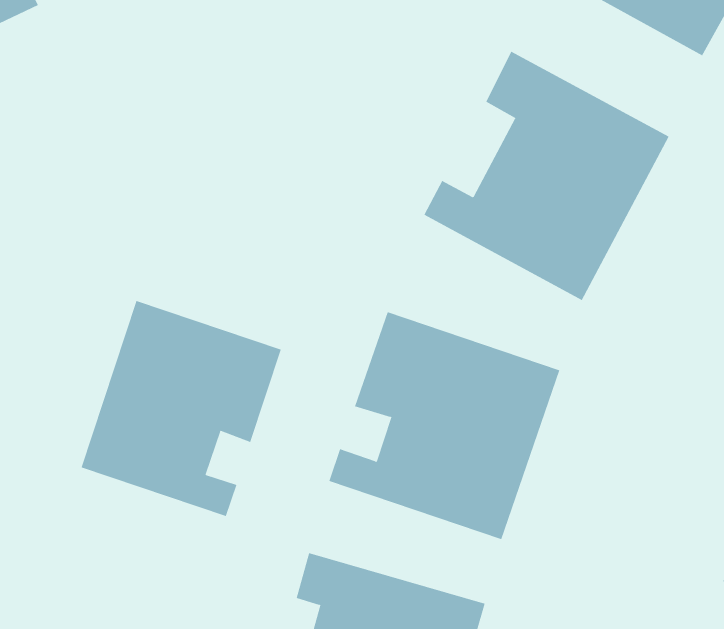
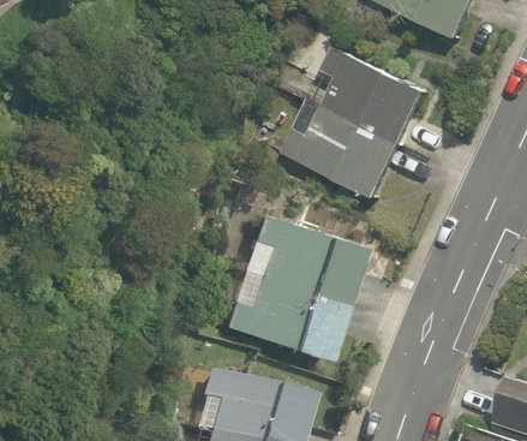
building: [81,300,281,517] -> none

